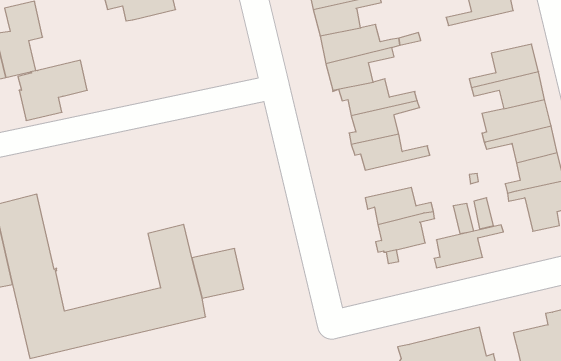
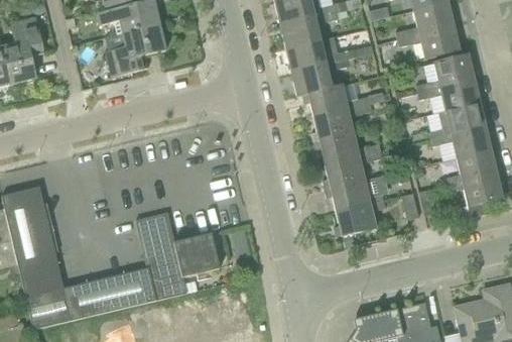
building: none -> [398,25,461,59]
building: [18,60,87,120] -> [106,24,166,77]
building: [434,225,503,268] -> [324,151,384,189]

